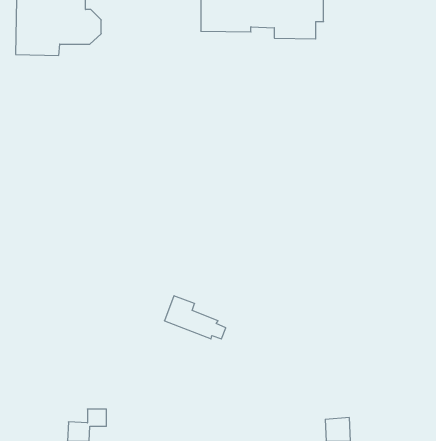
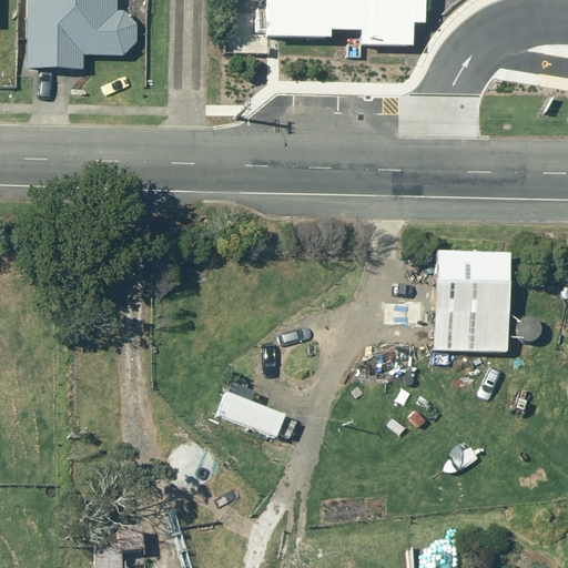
building: none -> [435,248,510,348]

